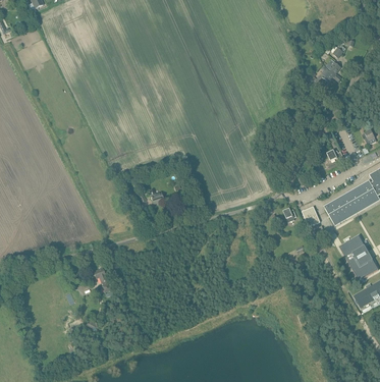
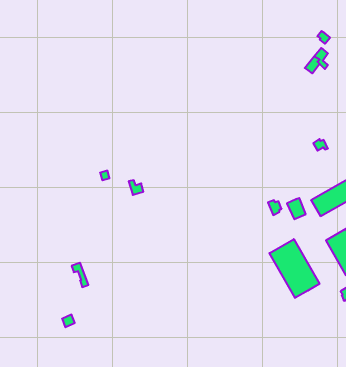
building: none -> [269,239,319,298]

